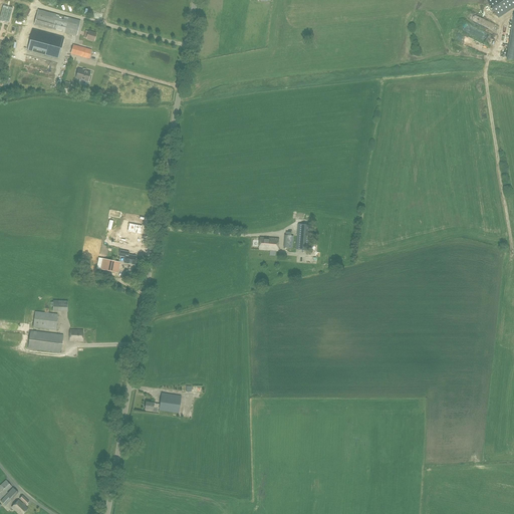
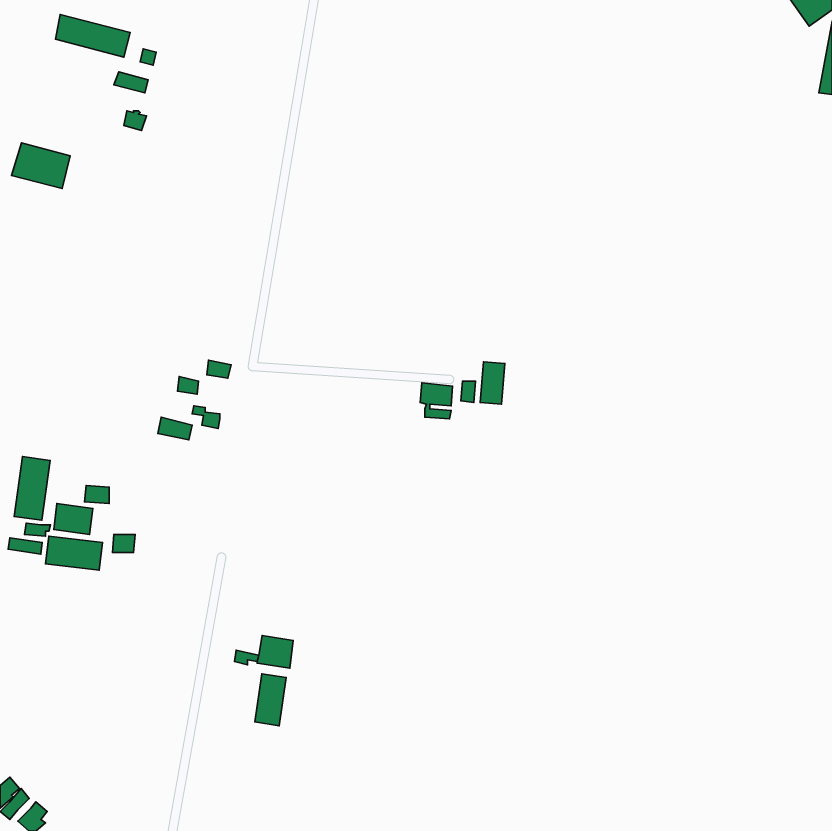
building: [27,29,63,57] -> [12,143,70,189]
building: none -> [14,457,50,520]
building: none -> [255,674,286,726]

